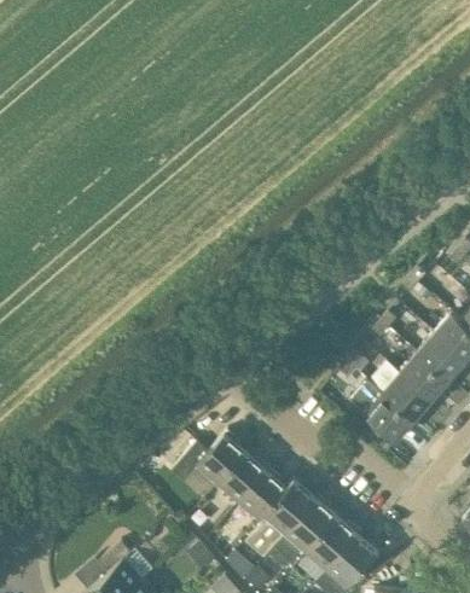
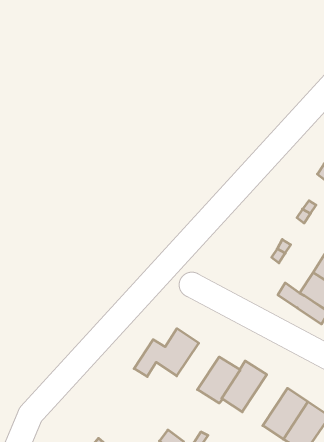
building: [219,453,268,504] -> none
building: [285,498,338,553] -> none

